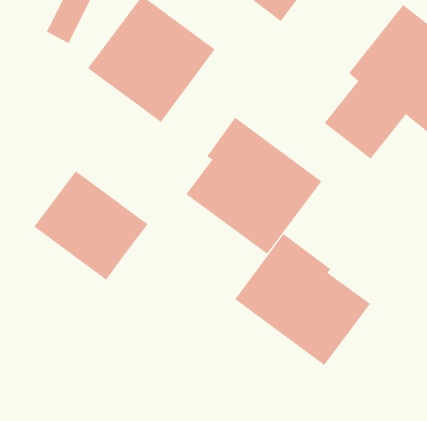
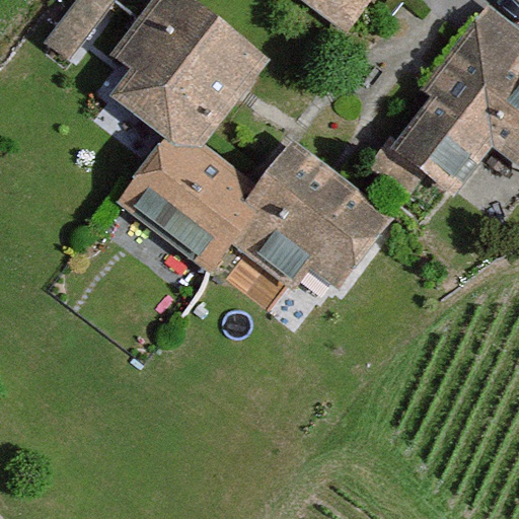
building: [33,170,148,280] -> [119,128,257,261]
building: [235,233,371,366] -> none

